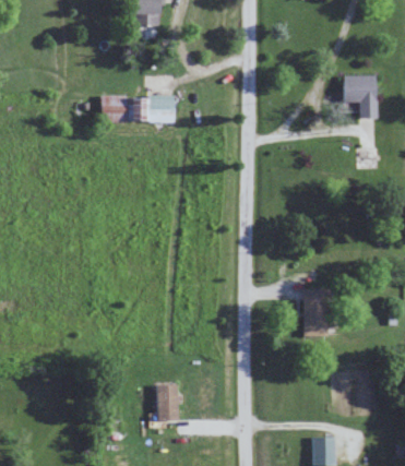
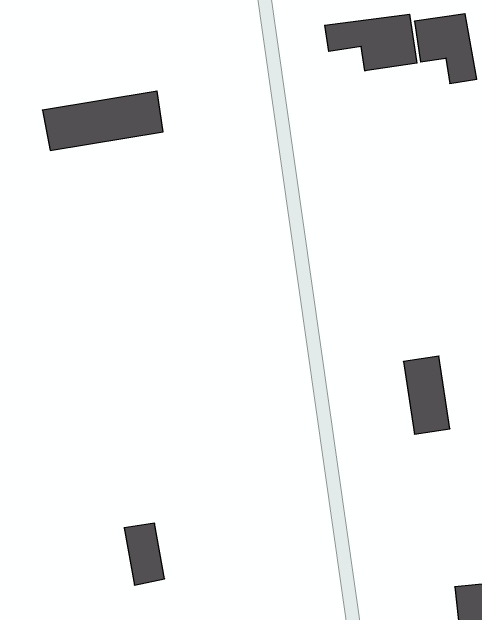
building: none -> [325,14,417,71]
building: [157,384,178,421] -> [124,523,165,585]

